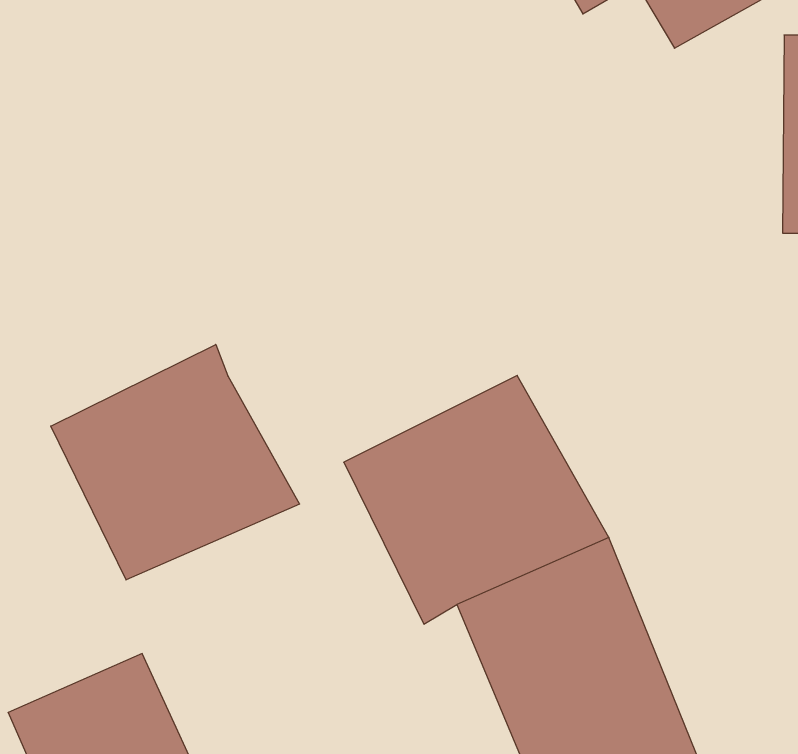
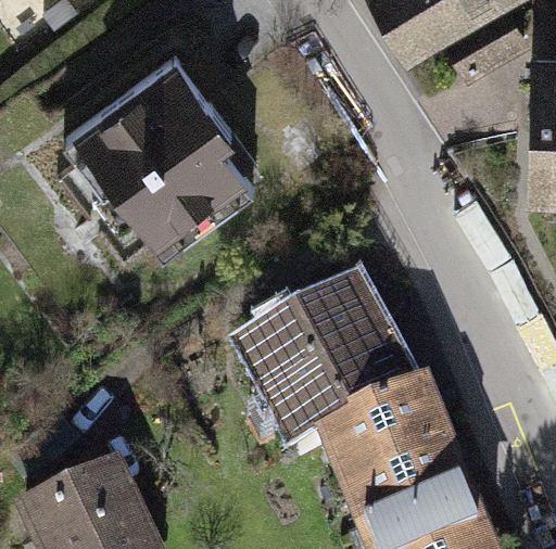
building: none -> [72,49,262,251]
building: [51,344,300,580] -> none

